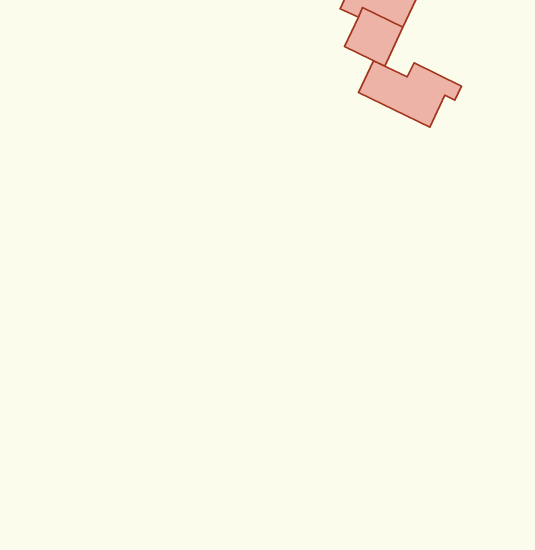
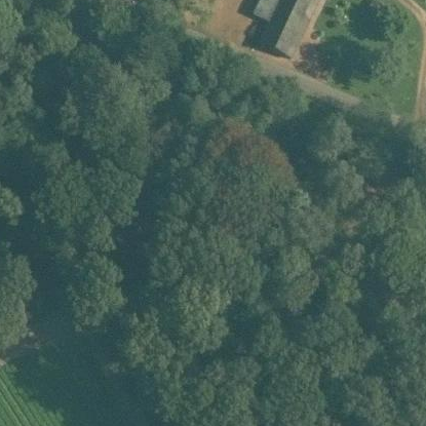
building: [359,61,462,127] -> none

